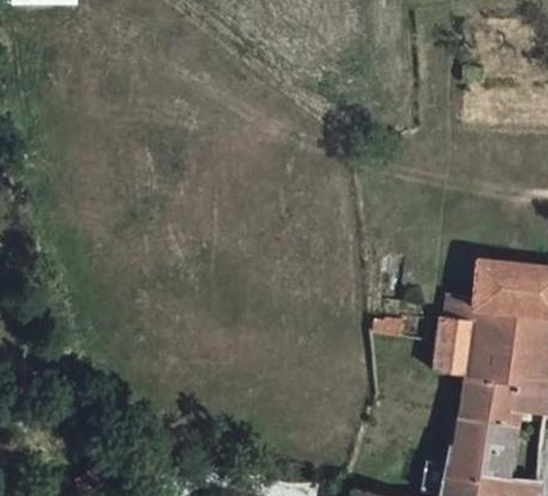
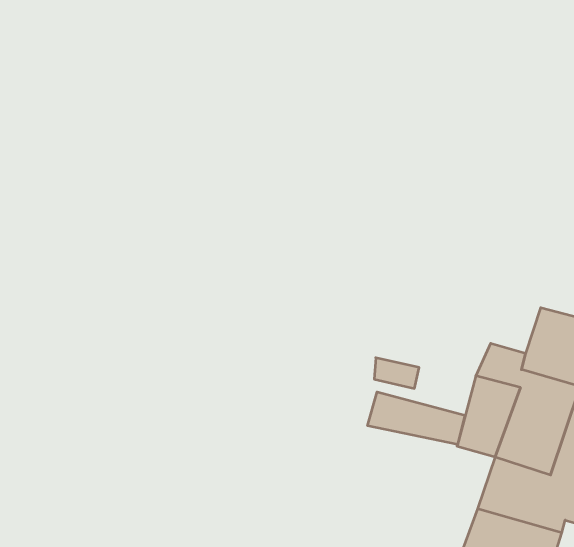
building: none -> [368,392,465,445]

